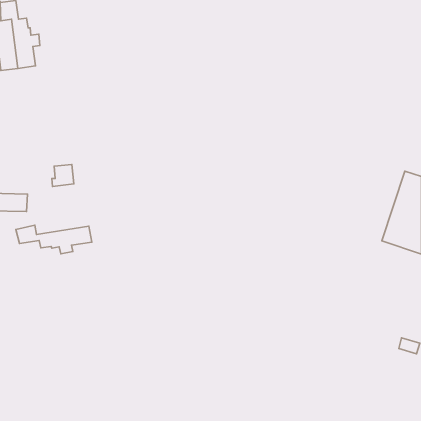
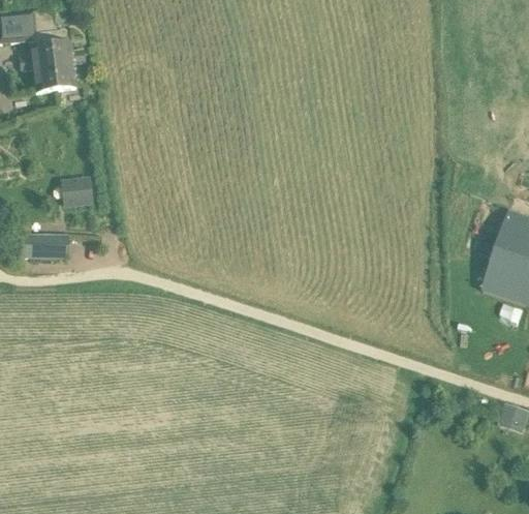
building: [52,164,74,187] -> [64,180,90,206]
building: [16,225,92,254] -> none

